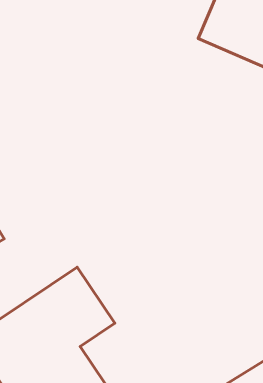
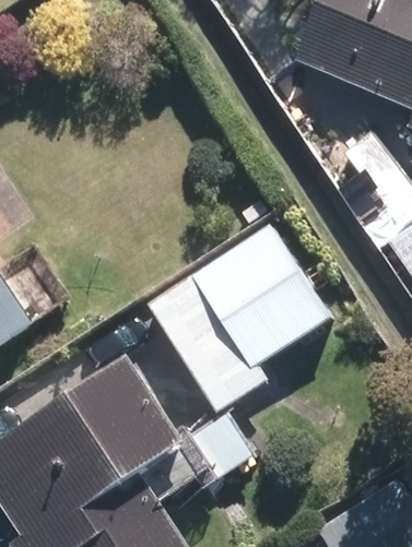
building: none -> [158,234,325,402]

